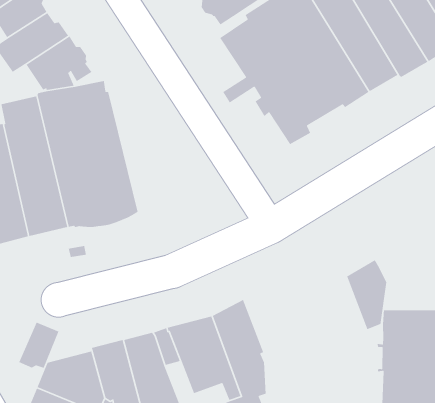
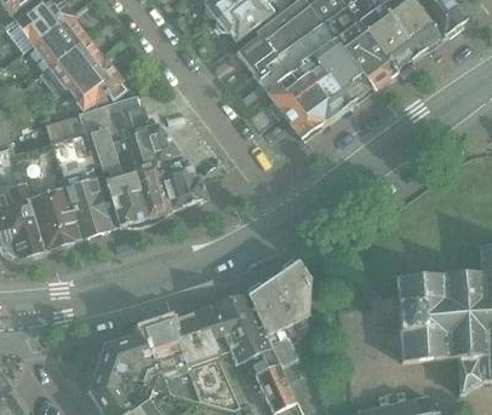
building: none -> [141,103,204,208]
building: [346,259,387,330] -> [273,260,309,323]
building: [18,321,59,369] -> none

